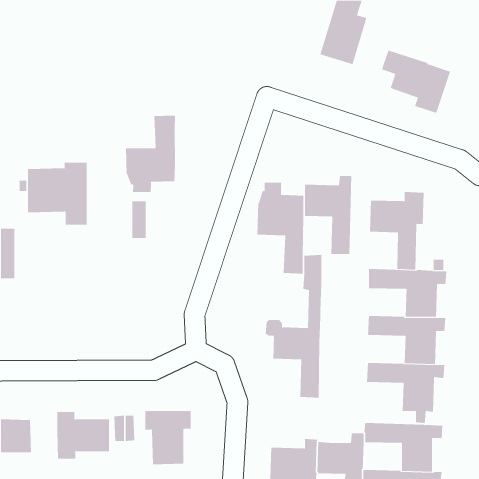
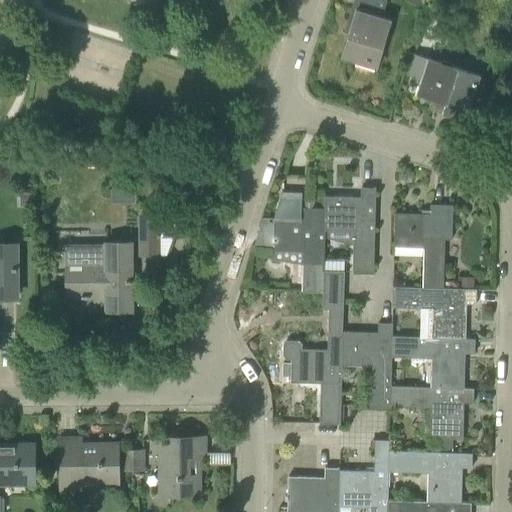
building: [126,115,175,193] -> none
building: [27,162,87,225] -> [67,244,131,311]
building: none -> [342,323,393,408]

